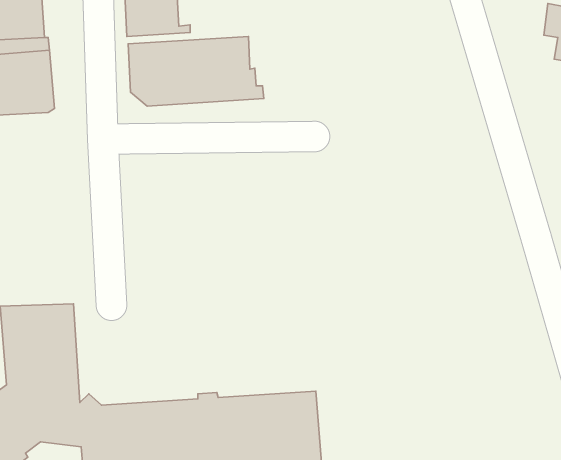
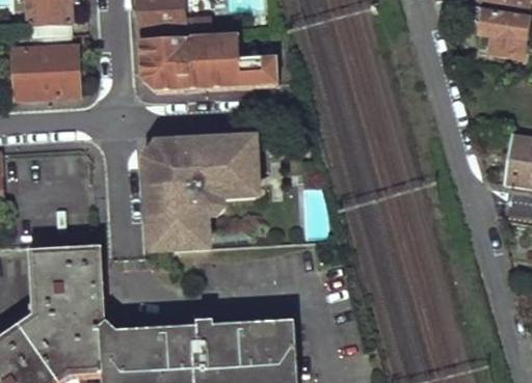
building: none -> [243,55,278,82]
building: none -> [145,136,259,251]

